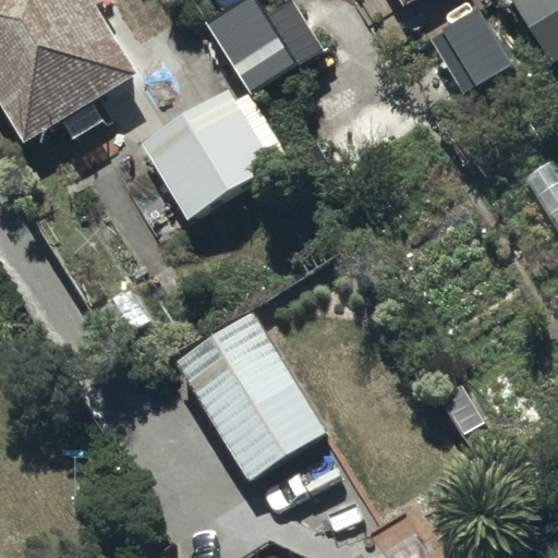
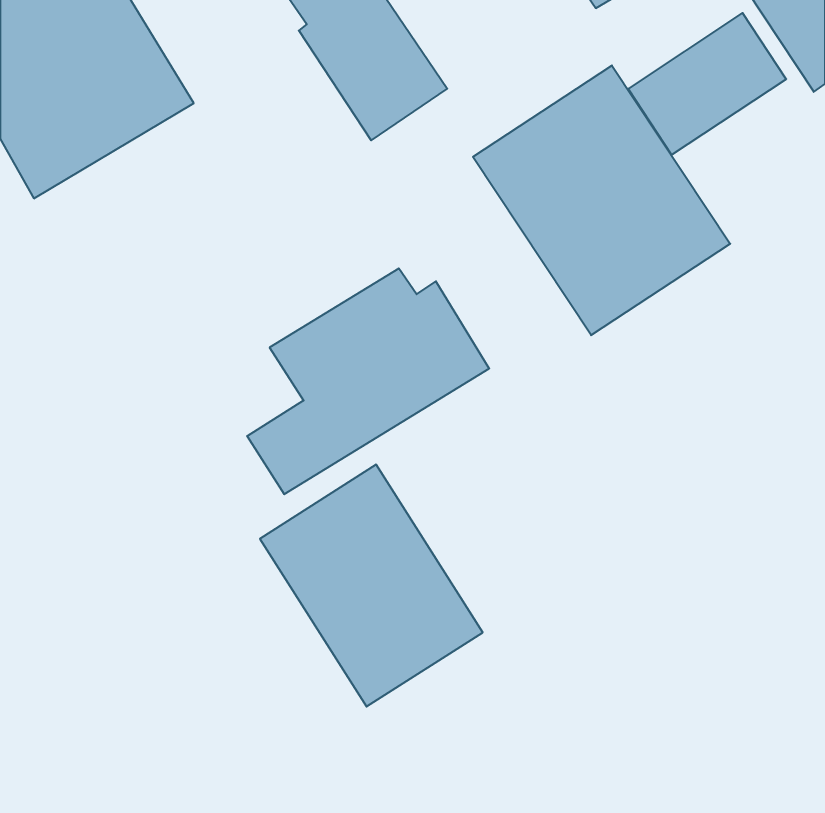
building: none -> [473,65,730,335]
building: [128,85,291,238] -> [247,268,489,494]

